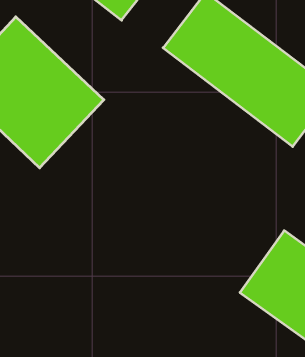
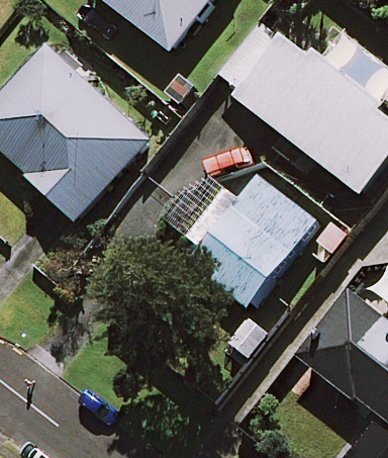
building: none -> [194,176,315,302]

